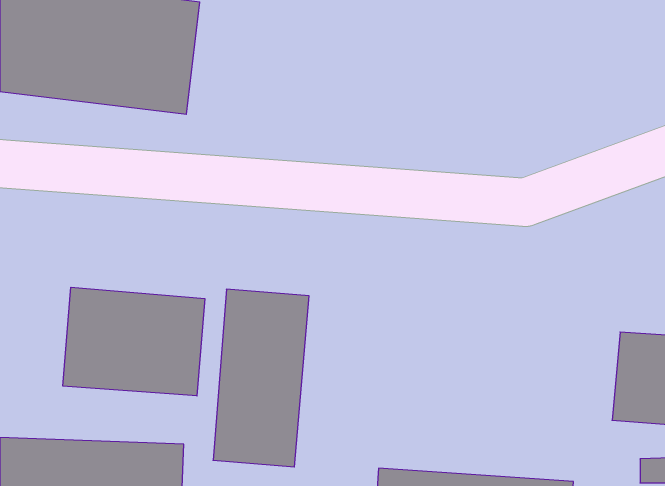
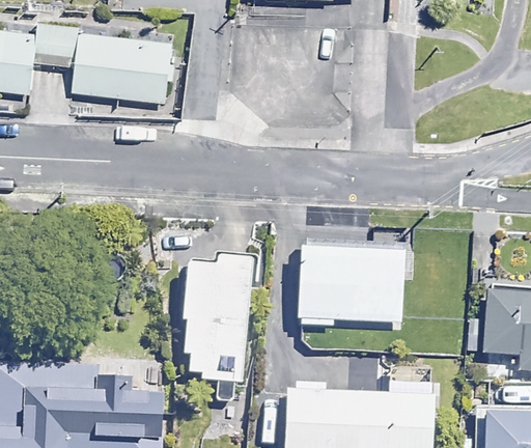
building: none -> [296,244,409,324]
building: [63,287,205,396] -> none

